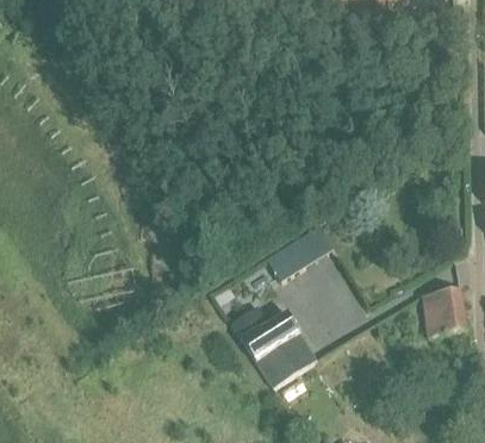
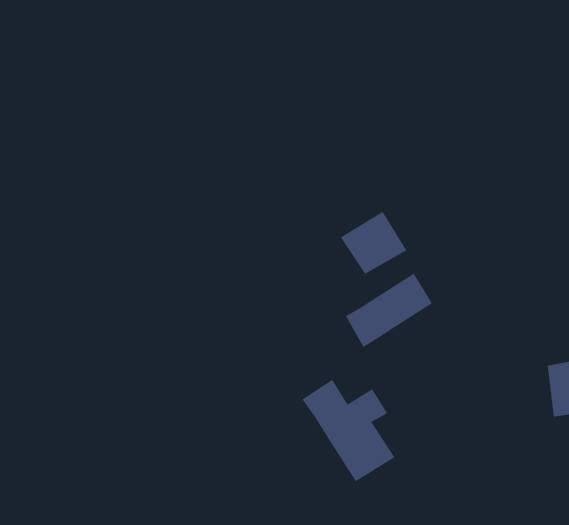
building: none -> [340,211,407,275]

